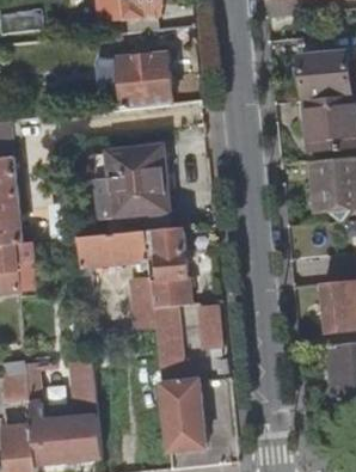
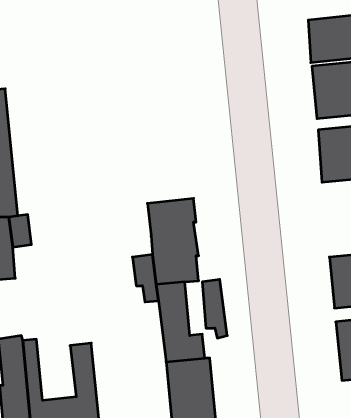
building: [105,53,170,111] -> none
building: [106,146,166,215] -> none
building: [79,231,148,268] -> none

